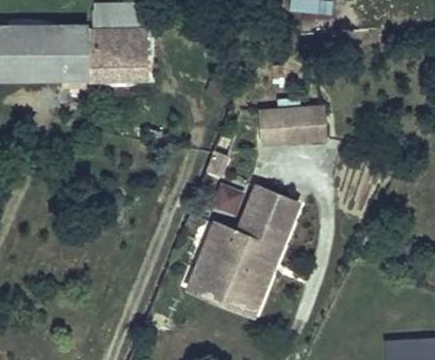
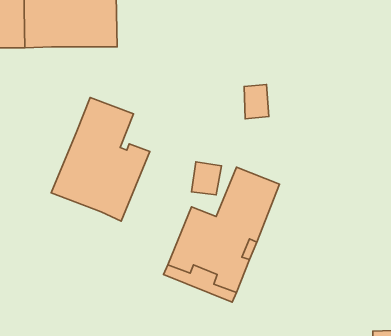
building: [285,110,325,142] -> none
building: none -> [51,97,150,221]

